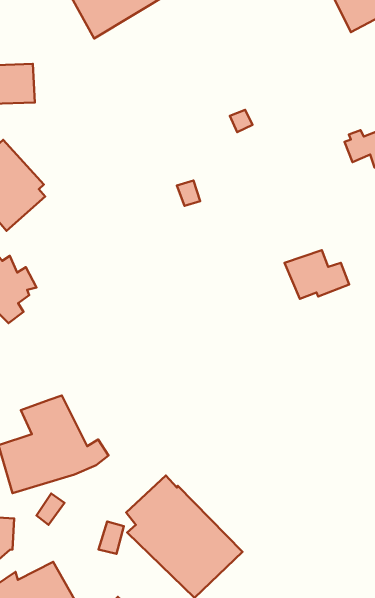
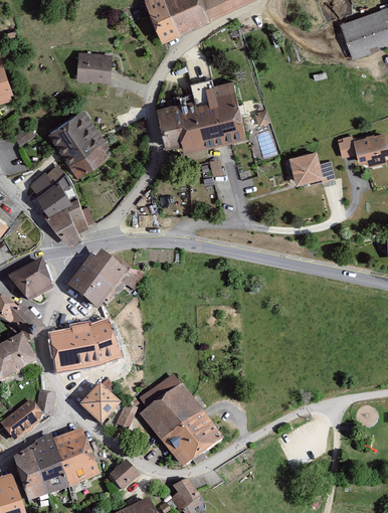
building: none -> [155,77,245,153]
building: [285,250,349,299] -> [287,150,334,184]
building: none -> [67,251,145,308]
building: none -> [78,379,121,426]

